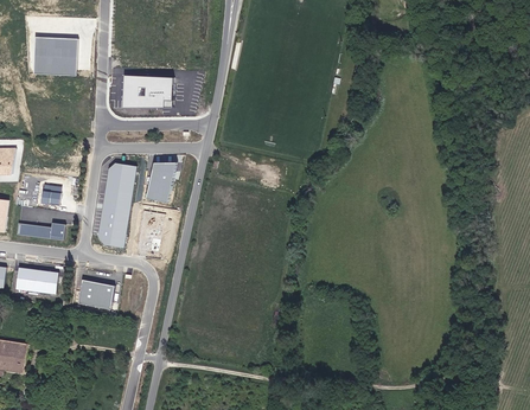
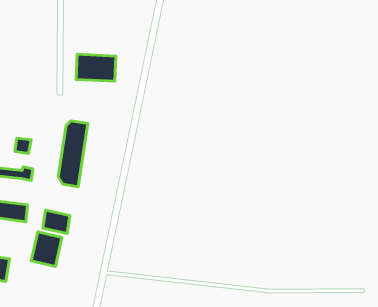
building: [32,37,77,76] -> none
building: [145,164,175,204] -> none
building: none -> [31,232,62,267]

